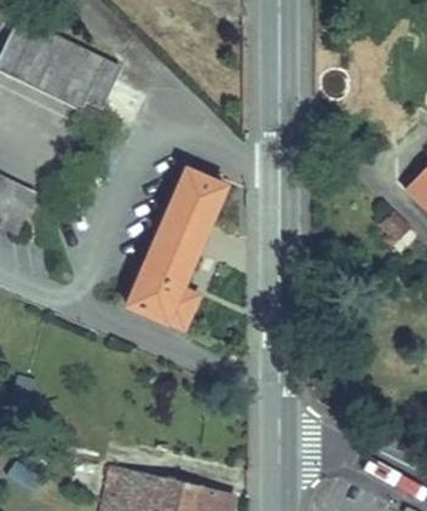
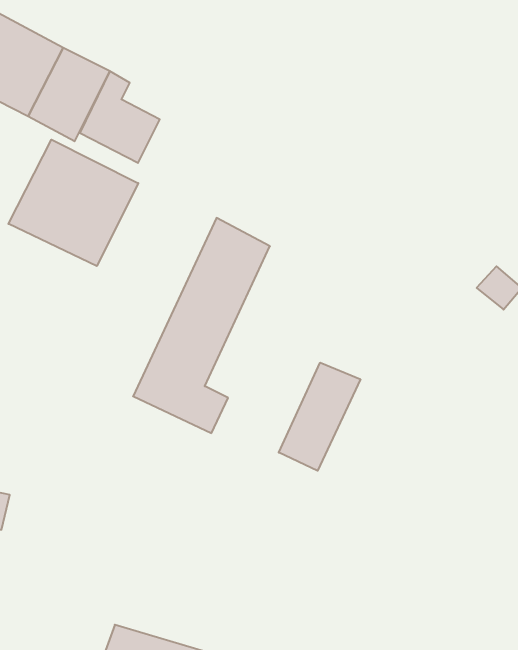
building: none -> [8,140,138,266]
building: none -> [279,363,360,471]

